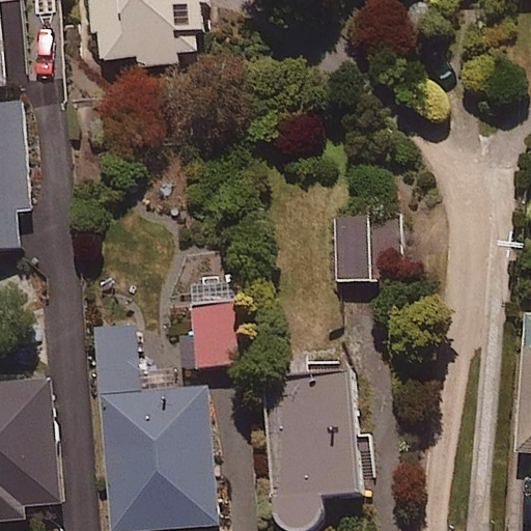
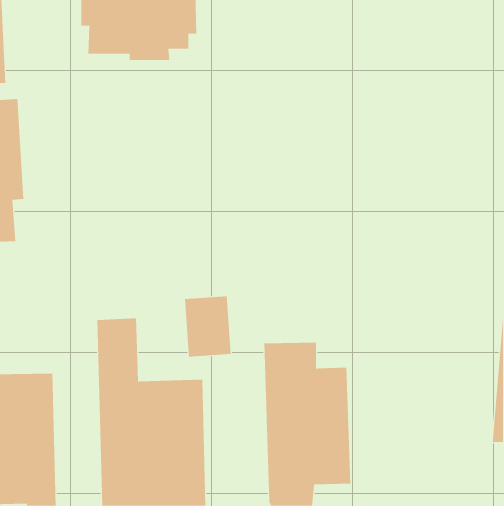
building: [333,215,399,281] -> none

